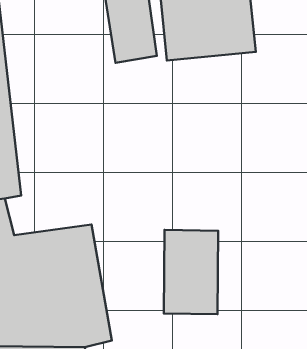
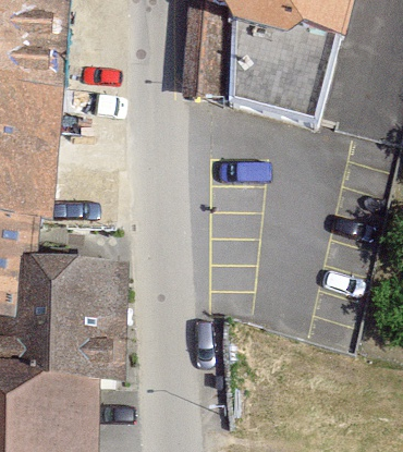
building: [164,230,218,314] -> none

